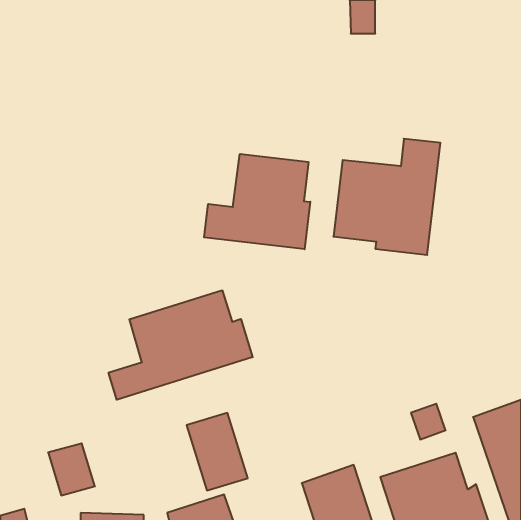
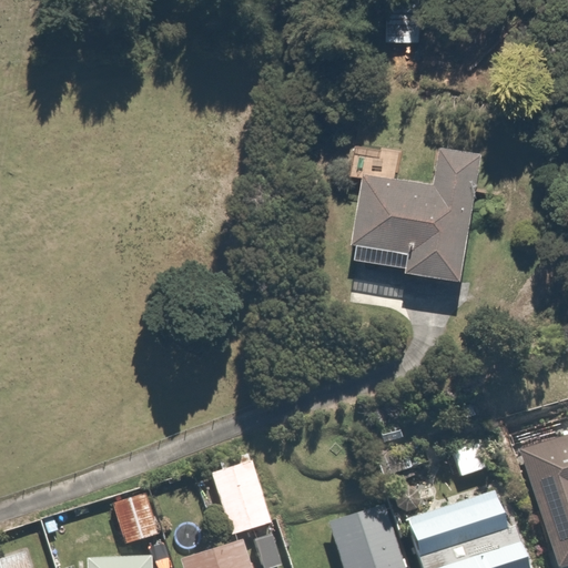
building: [204,154,310,249] -> none
building: [109,290,253,400] -> none
building: [48,443,95,495] -> [103,491,154,548]

